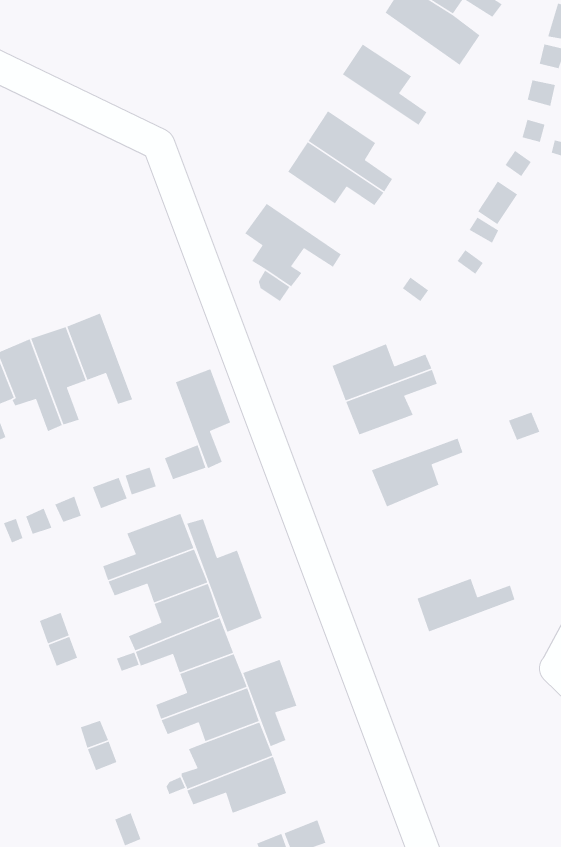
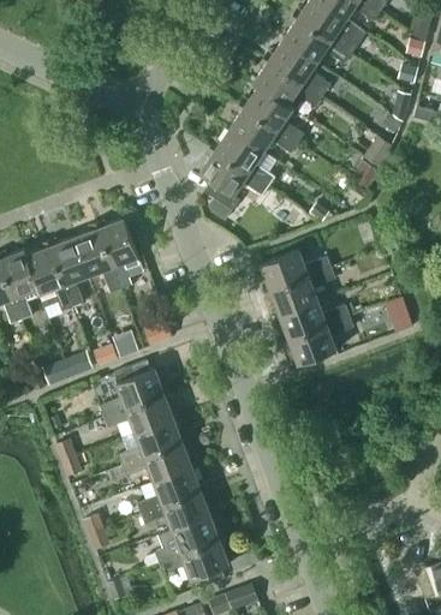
building: none -> [282,18,351,65]
building: none -> [252,61,322,109]
building: none -> [215,130,275,187]
building: [175,368,231,469] -> [99,219,138,289]
building: [186,518,263,633] -> none
building: [416,578,516,632] -> [280,300,350,339]
building: [242,659,298,747] -> none

